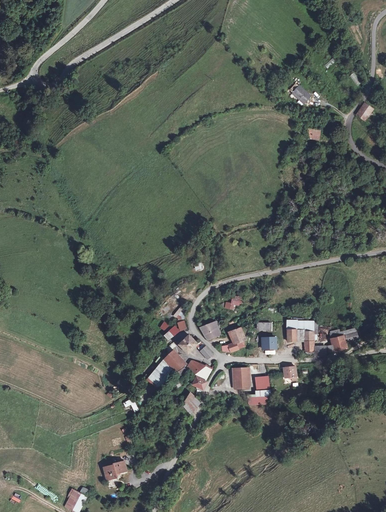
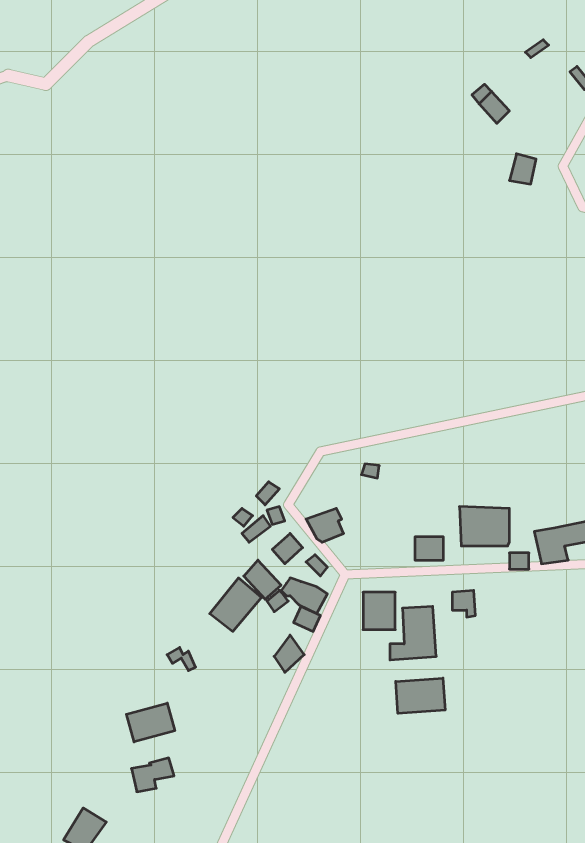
building: [221,327,247,353] -> none
building: none -> [396,678,445,713]
building: none -> [126,703,175,742]

